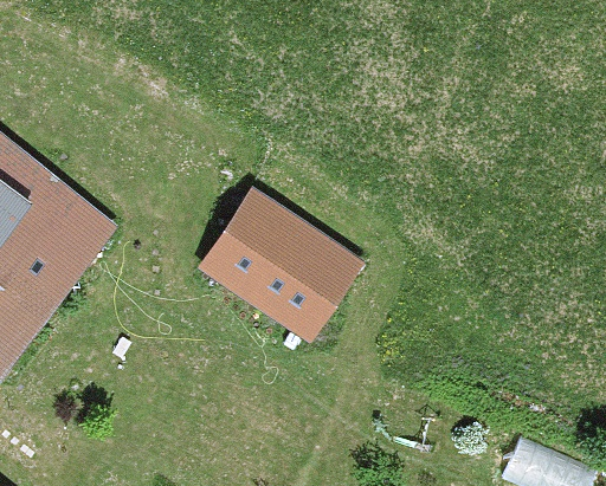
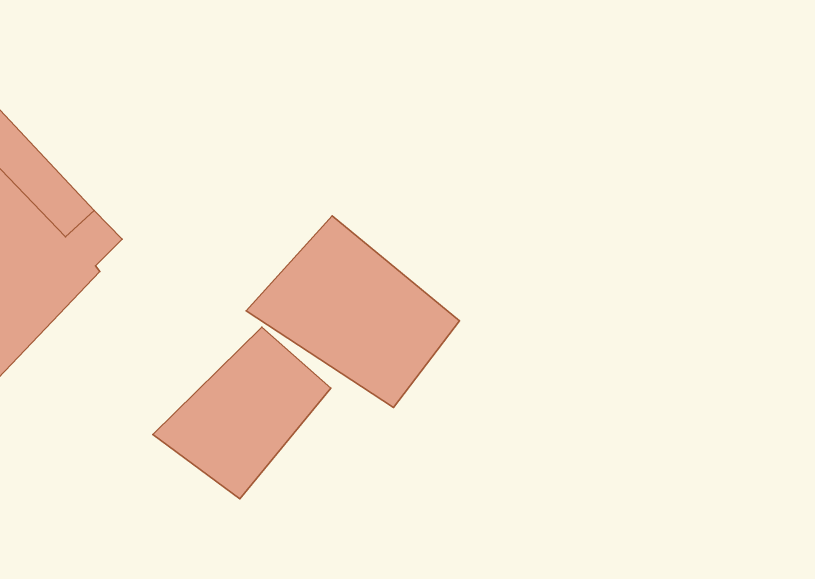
building: none -> [153,327,331,499]

